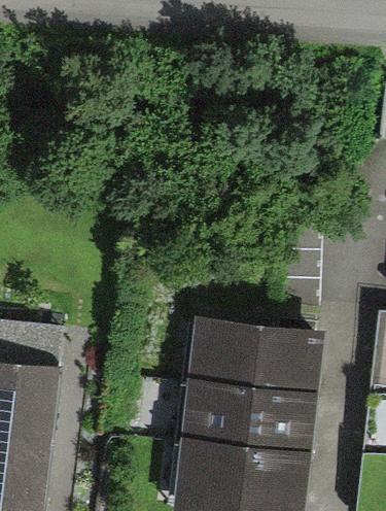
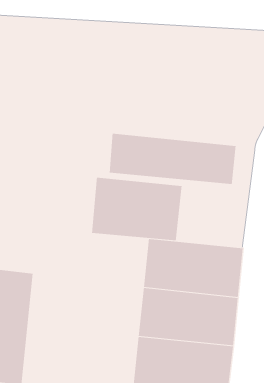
building: none -> [109,133,236,185]
building: none -> [91,177,182,241]

